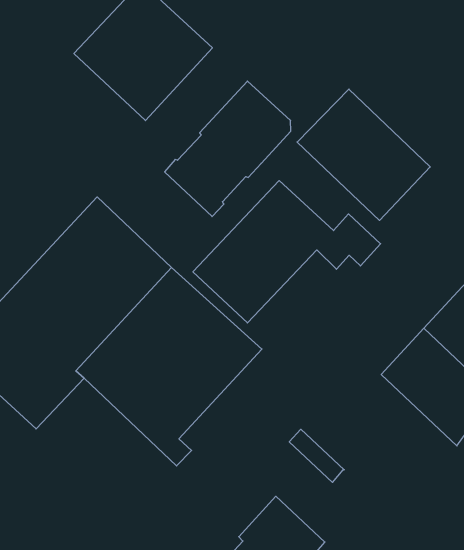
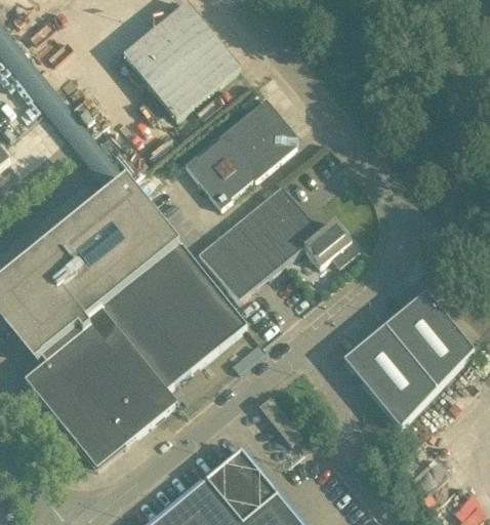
building: [297,89,430,220] -> none
building: none -> [28,327,161,465]

